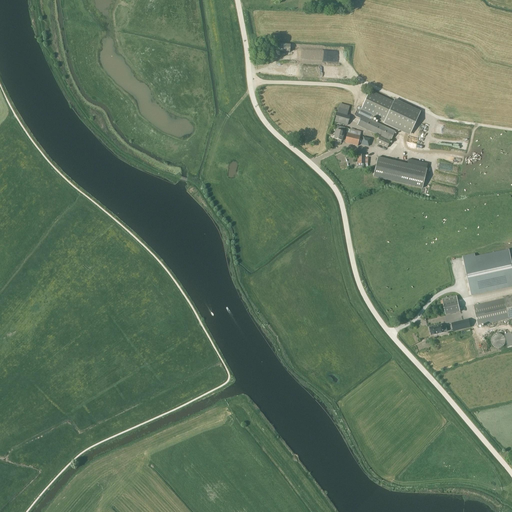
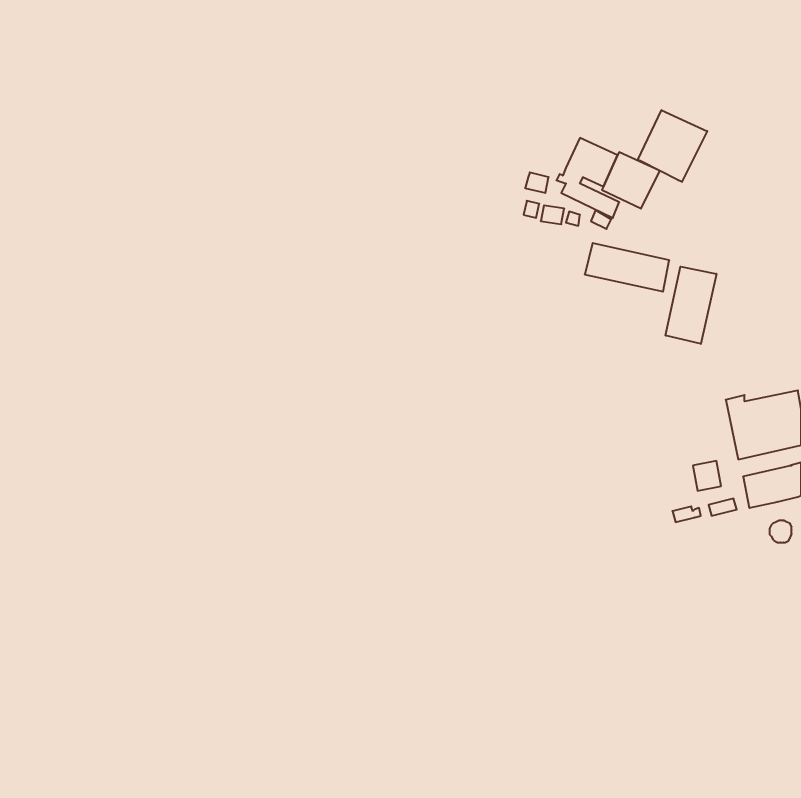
building: none -> [638,110,707,182]
building: none -> [666,267,716,344]

